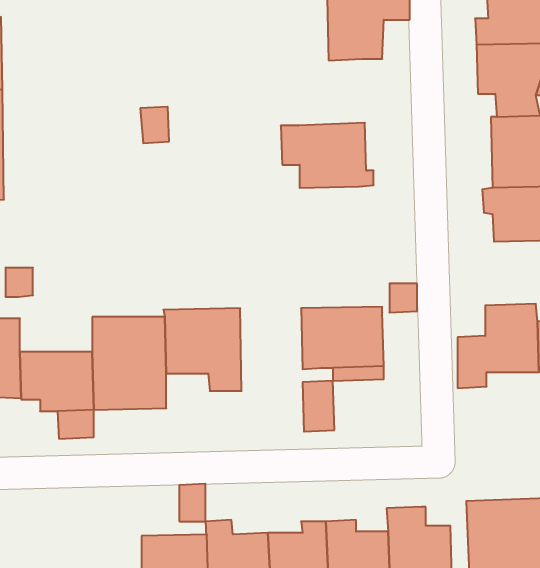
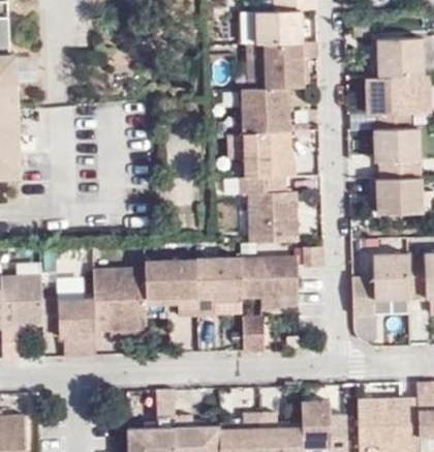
building: none -> [239,84,286,131]
building: none -> [236,175,298,246]
building: none -> [197,262,242,321]

